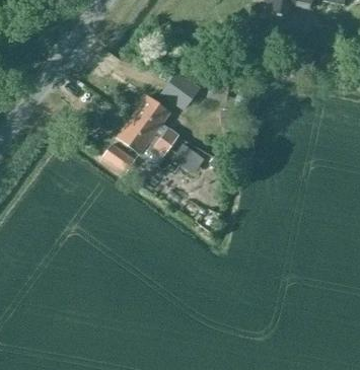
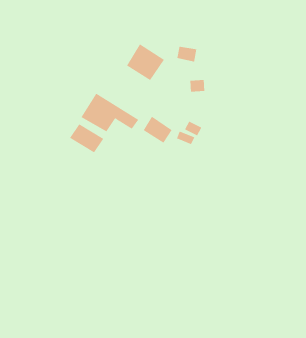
building: [133,95,181,145] -> none

